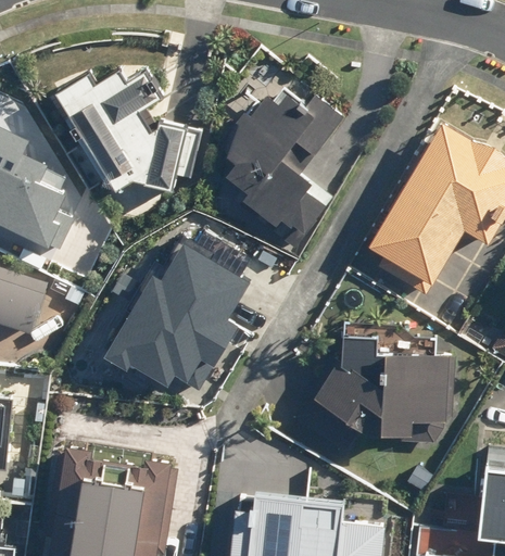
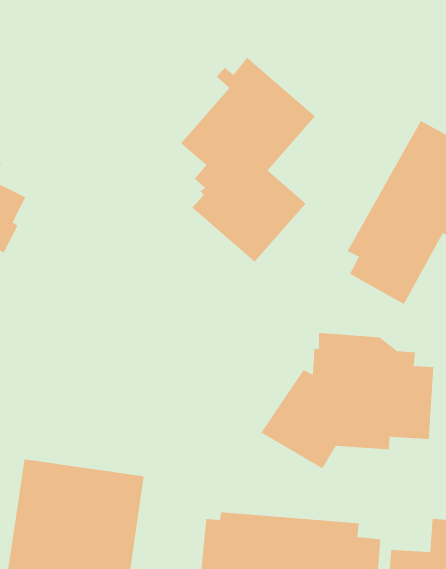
building: [58,73,199,198] -> none
building: [102,230,255,390] -> none

